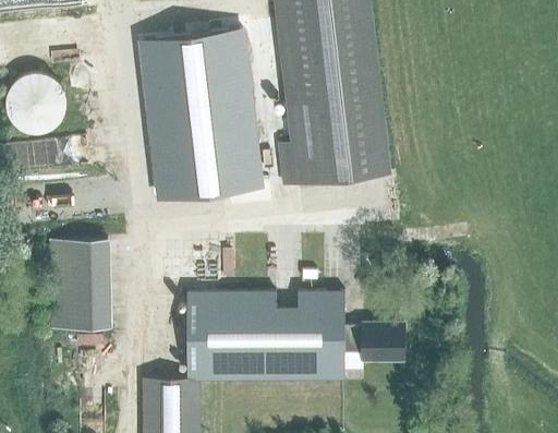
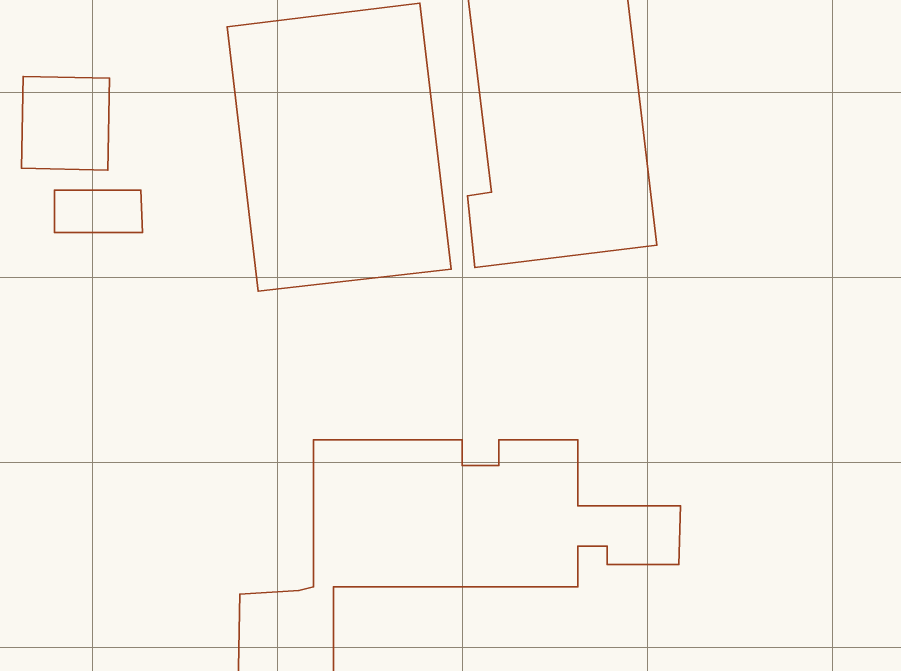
building: [52,237,117,328] -> none

